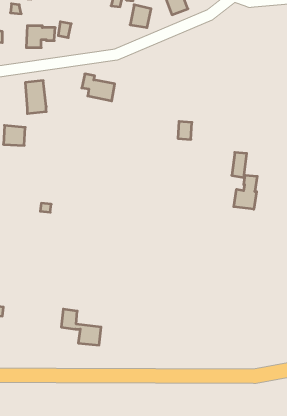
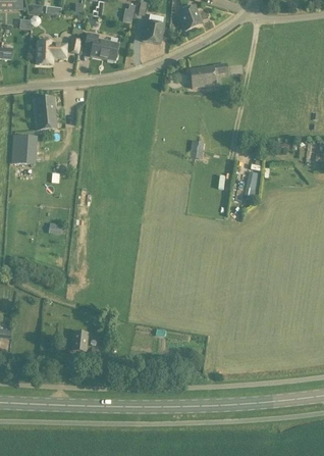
building: none -> [190,61,227,86]
building: [82,74,115,101] -> [84,32,117,59]
building: [234,175,257,209] -> none

